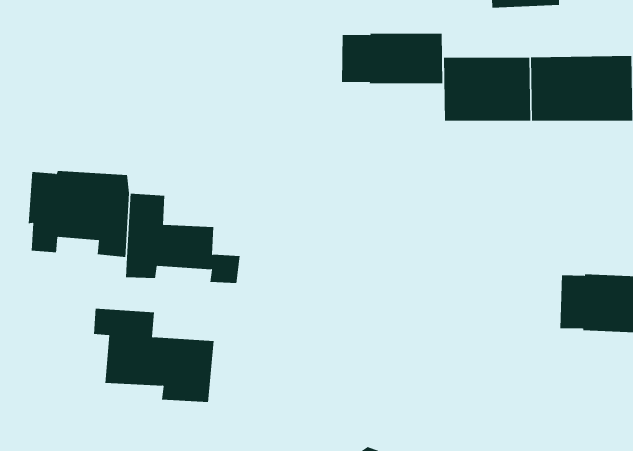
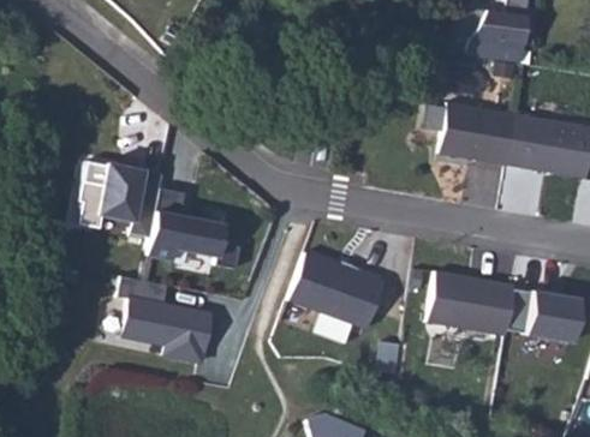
building: [342,33,443,84] -> none
building: none -> [293,250,389,325]
building: none -> [411,274,499,336]

